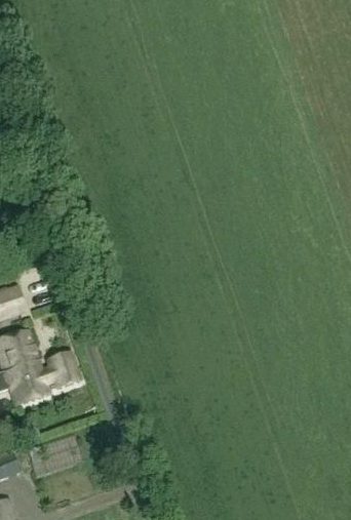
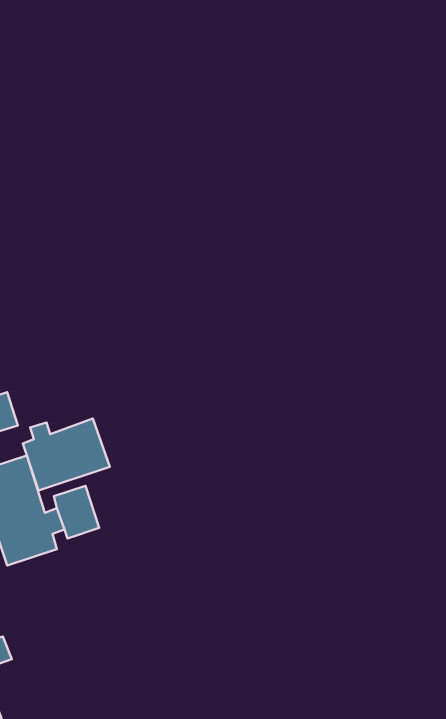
building: none -> [23,419,110,491]

